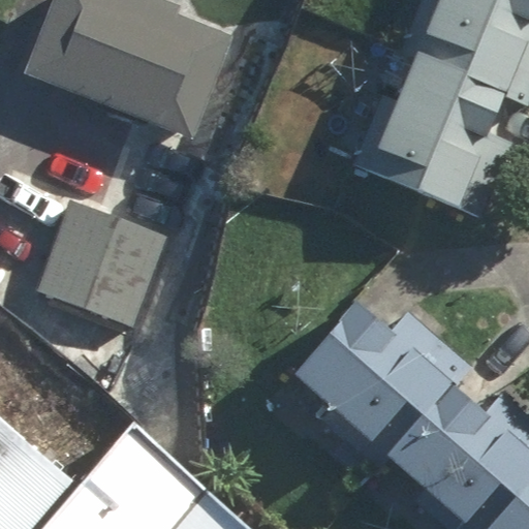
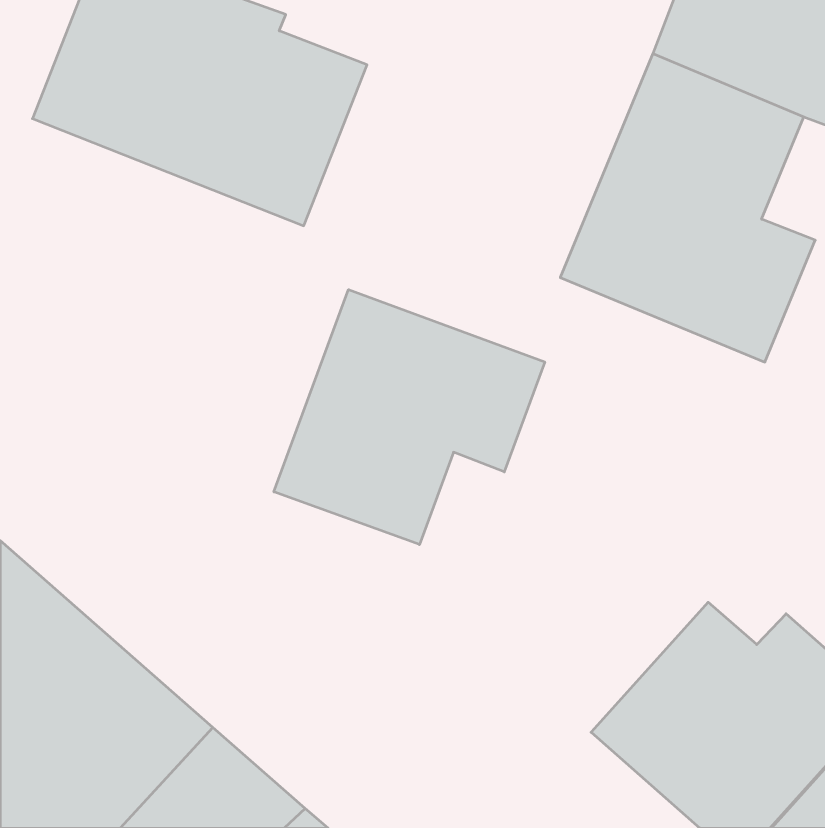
building: none -> [274,290,545,545]
building: [39,201,170,328] -> none
building: [285,299,472,466] -> none

